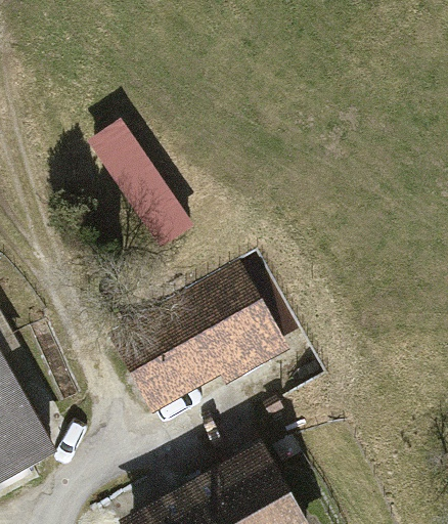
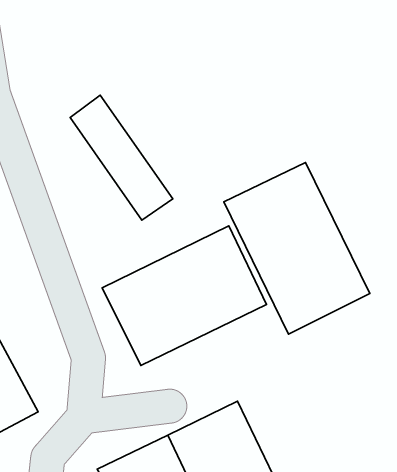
building: none -> [224,163,370,334]

